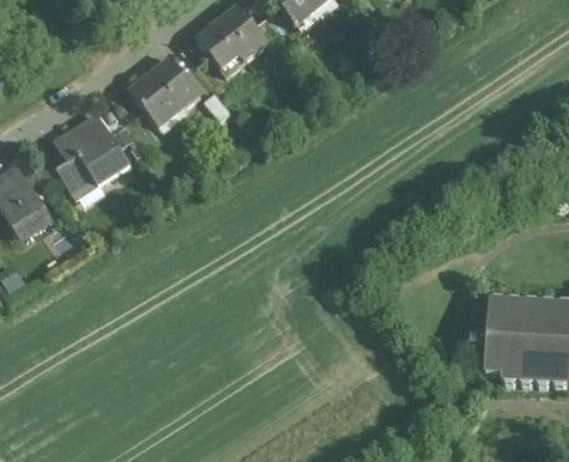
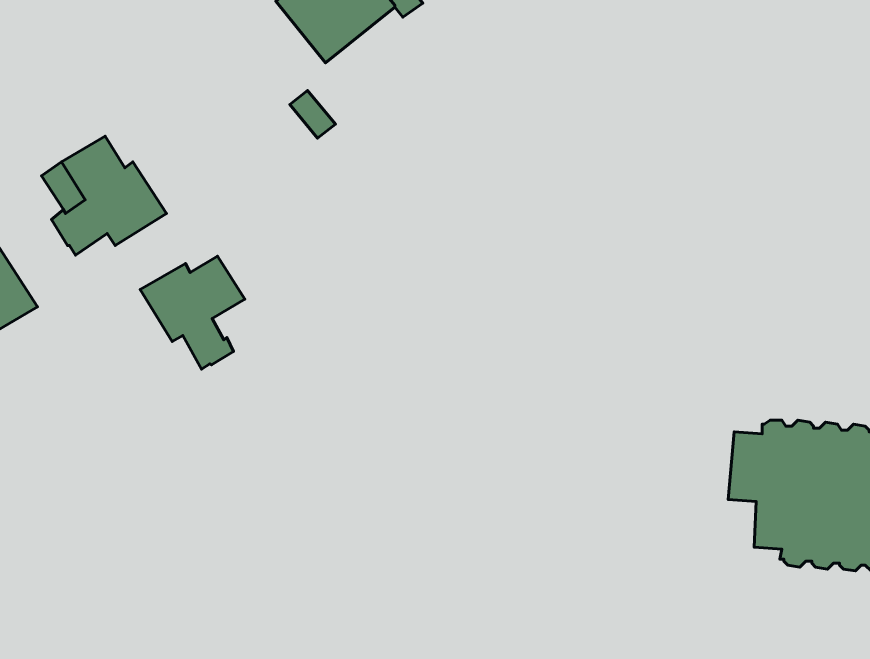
building: [128,57,200,128] -> none
building: none -> [140,256,245,369]

